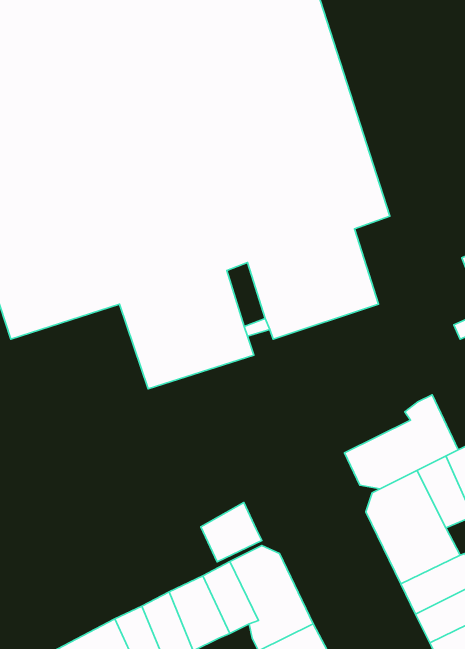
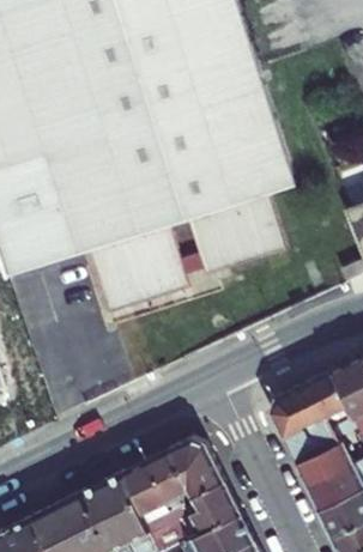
building: [344,395,458,489] -> none
building: [201,502,262,562] -> none

